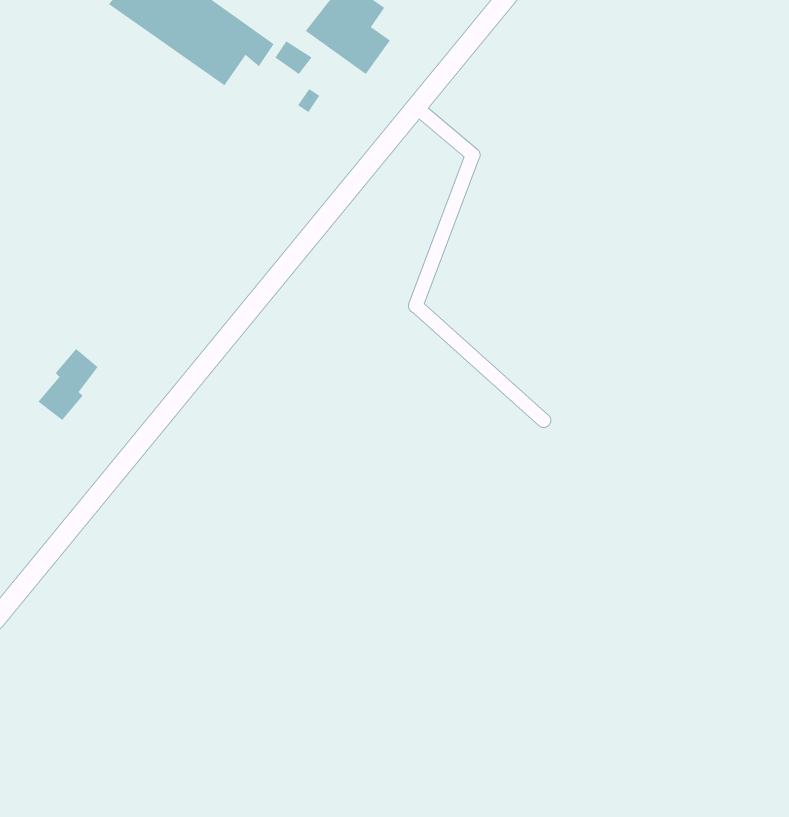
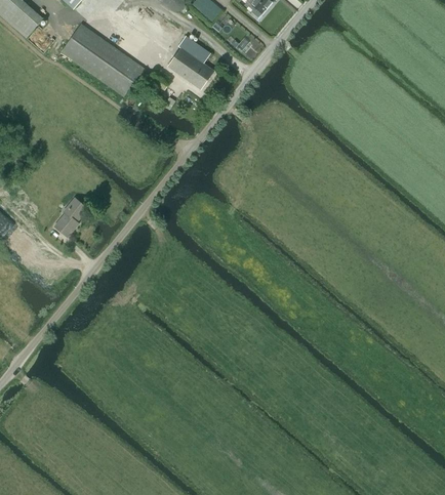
building: [38,348,99,421] -> [53,197,86,236]

